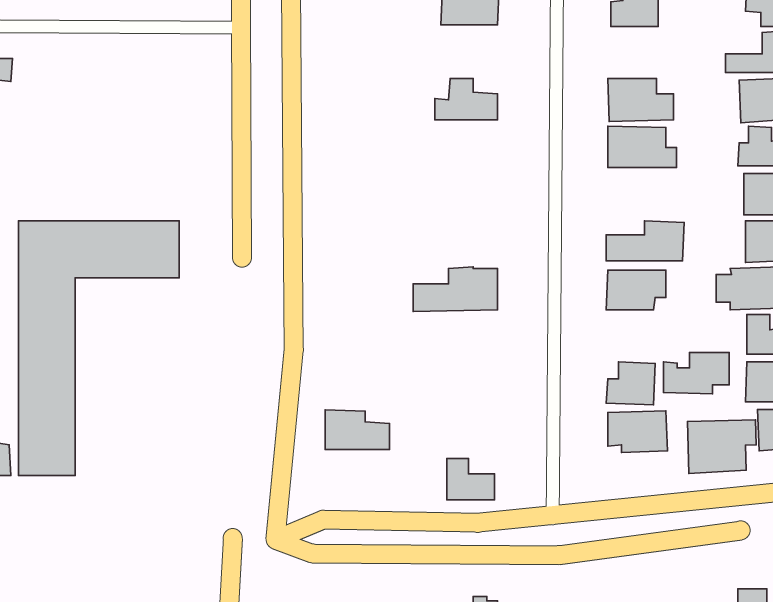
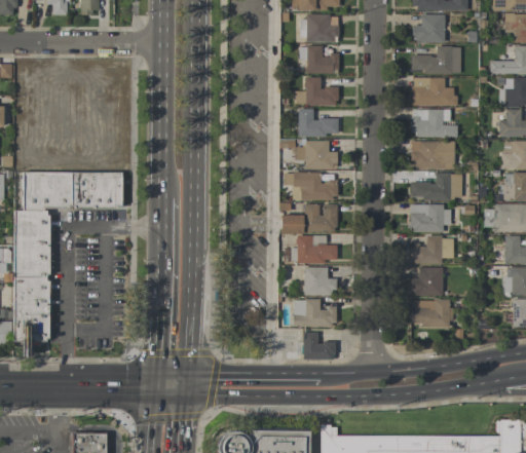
building: none -> [300,46,339,74]
building: none -> [412,46,461,74]
building: none -> [299,109,339,136]
building: none -> [296,140,338,168]
building: none -> [411,141,455,168]
building: none -> [285,173,338,200]
building: none -> [298,235,338,262]
building: [664,353,729,394] -> [410,236,454,264]
building: none -> [304,267,337,296]
building: [325,410,390,450] -> [294,299,337,326]
building: [687,420,756,474] -> none

